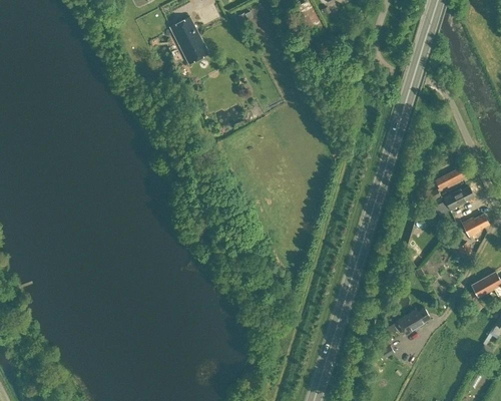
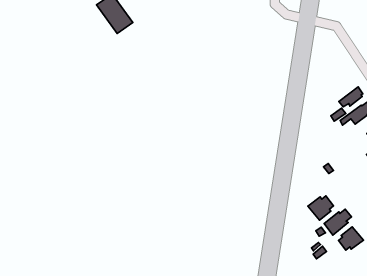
building: none -> [308,196,334,220]
building: none -> [338,227,363,250]

